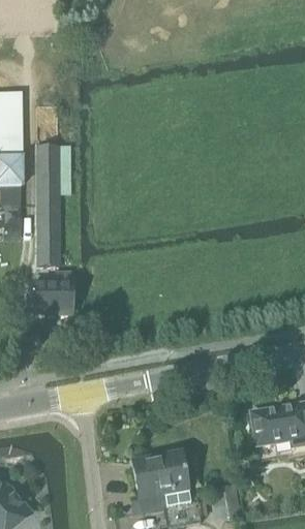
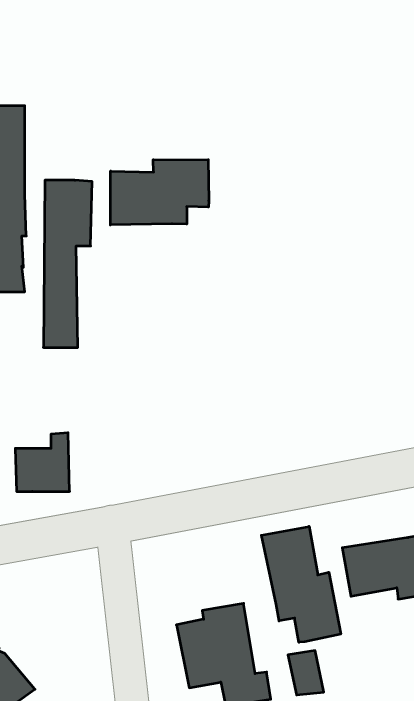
building: none -> [110,160,209,225]
building: [31,272,70,314] -> [15,433,70,491]
building: none -> [261,526,341,642]

